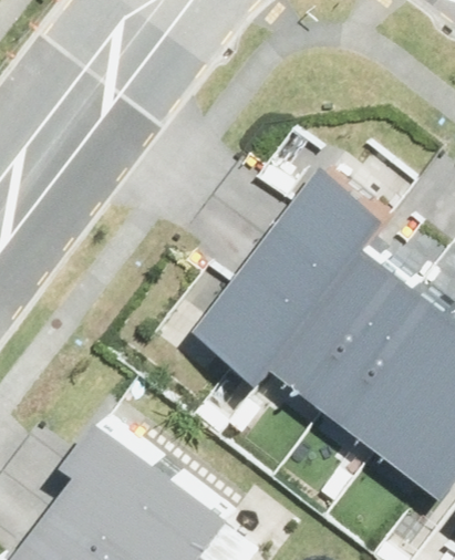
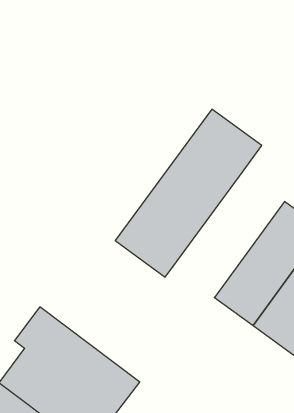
building: [269,242,415,407] -> none

